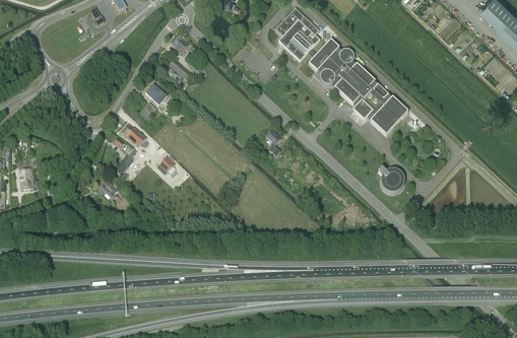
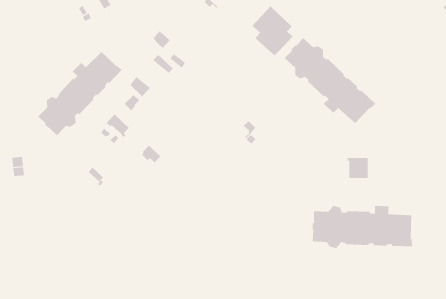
building: none -> [37,51,123,136]
building: none -> [312,205,413,249]

